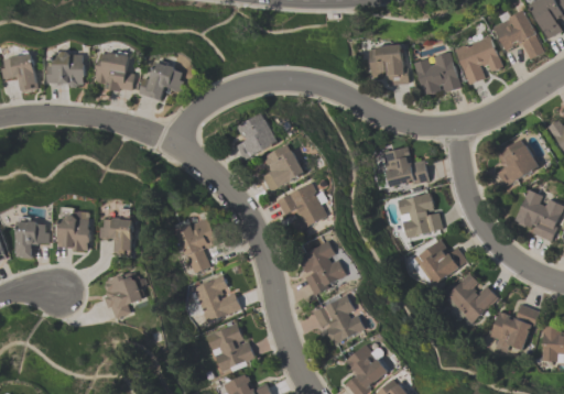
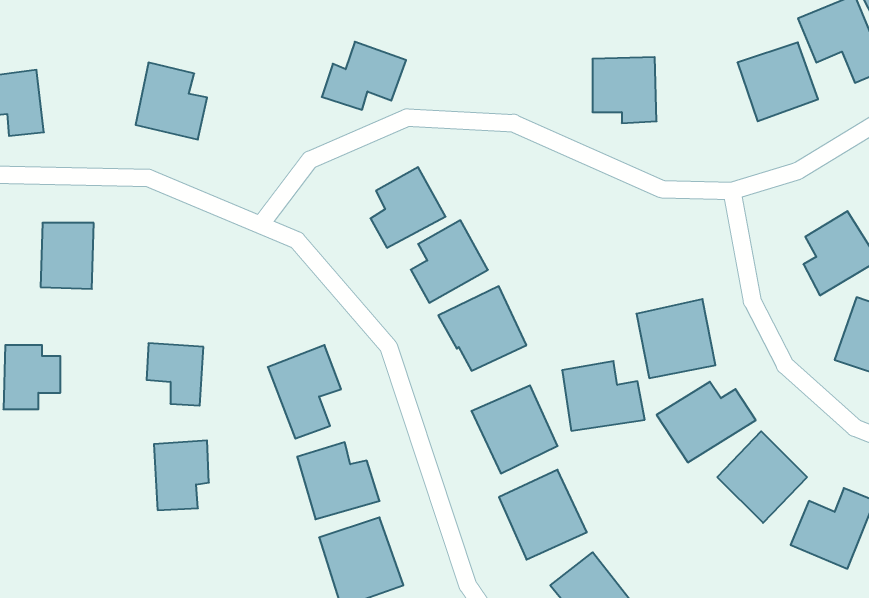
building: [46,51,85,85] -> none
building: [413,51,462,98] -> none
building: [138,61,188,101] -> [322,42,406,110]
building: [379,146,429,188] -> [562,361,645,431]
building: [58,210,90,250] -> [41,223,94,289]

